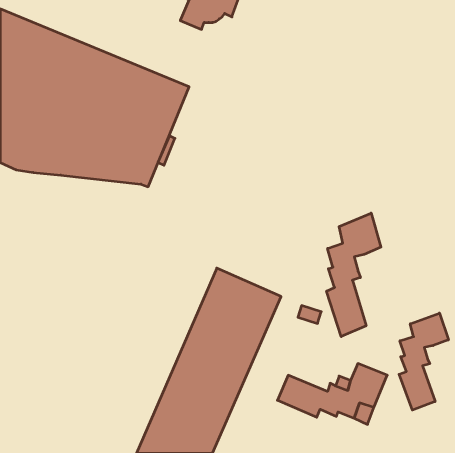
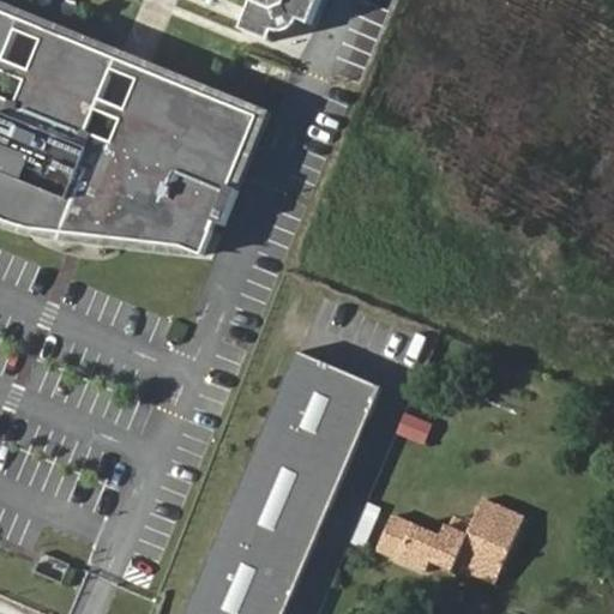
building: [327,213,381,337] -> none
building: [399,313,448,410] -> none

